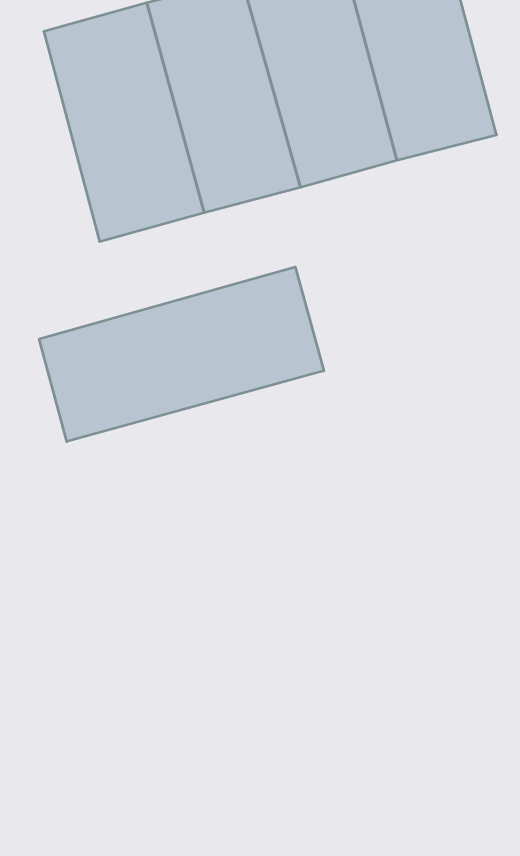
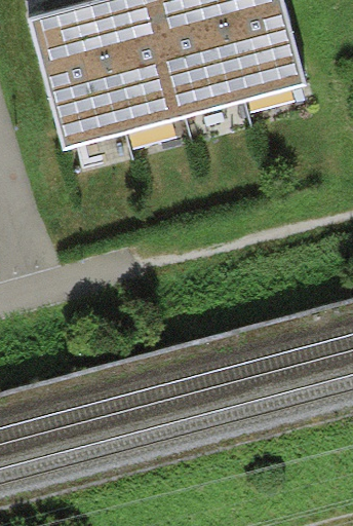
building: [39,267,324,442] -> none

